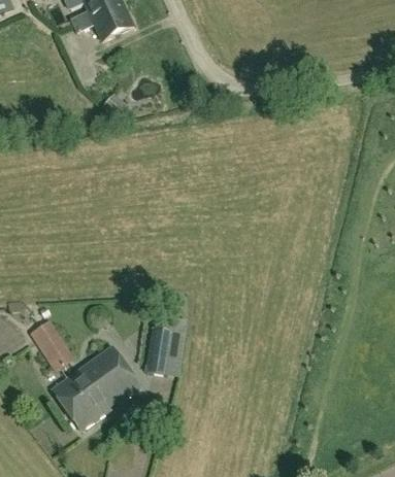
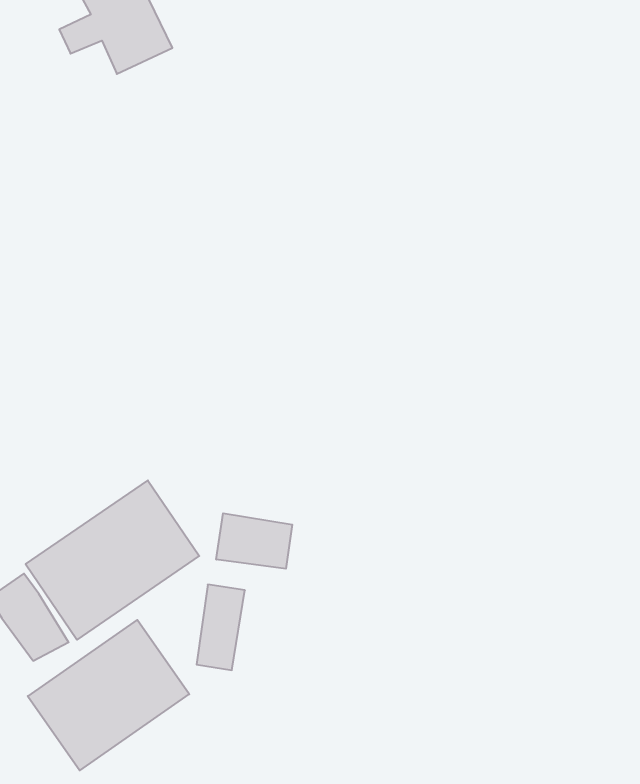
building: none -> [26,480,199,640]
building: none -> [216,513,292,569]

